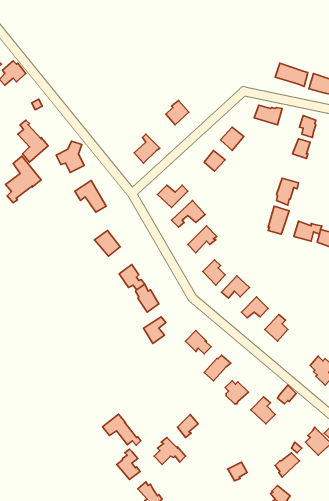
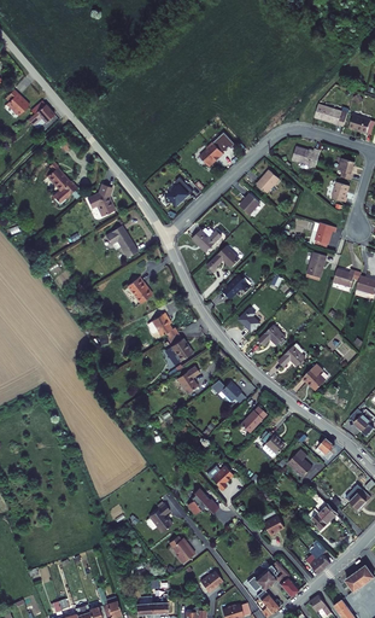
building: [5,156,41,203] -> none
building: [102,414,141,445] -> none

